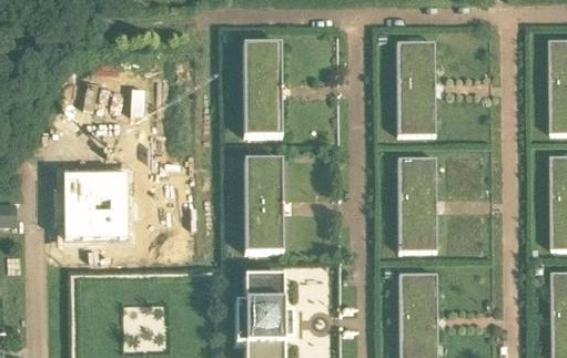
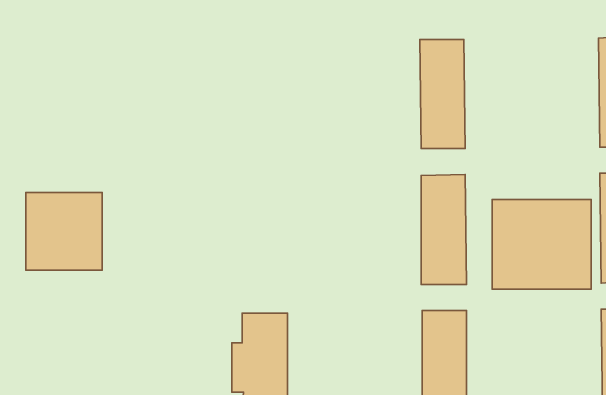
building: [243,42,283,135] -> none
building: [244,158,284,252] -> none
building: none -> [492,200,591,289]

